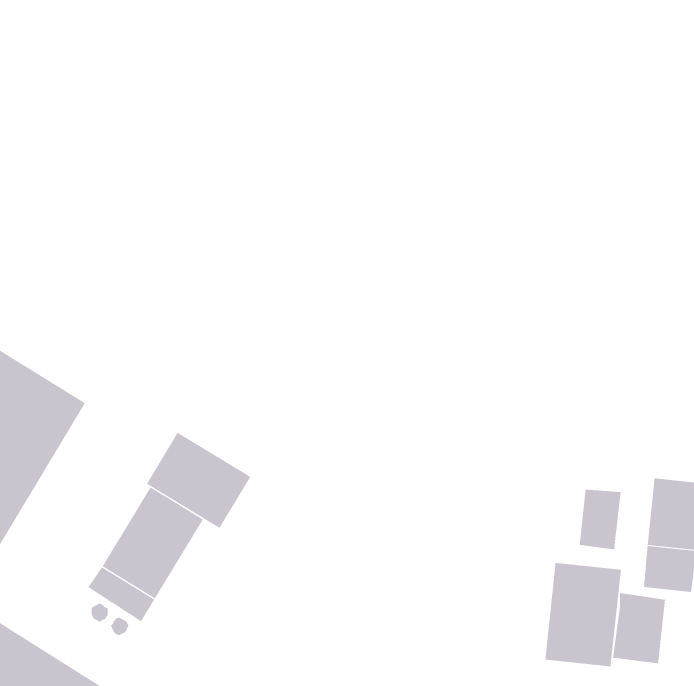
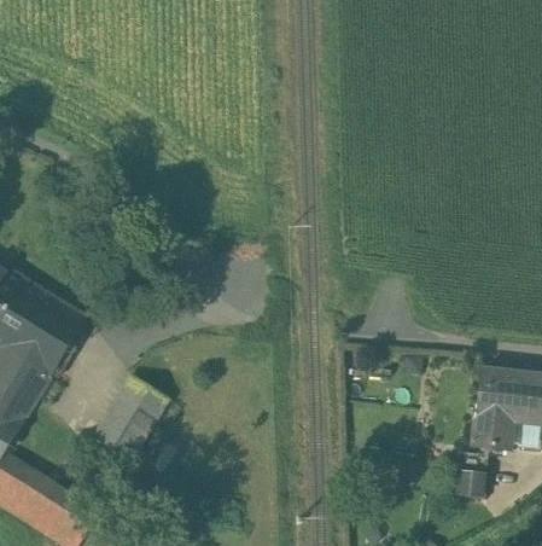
building: [146,432,251,529] -> none
building: [579,489,621,550] -> none
building: [545,562,622,667] -> none

